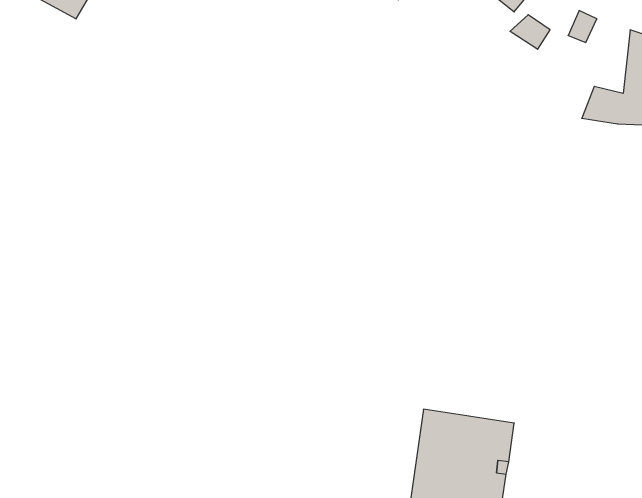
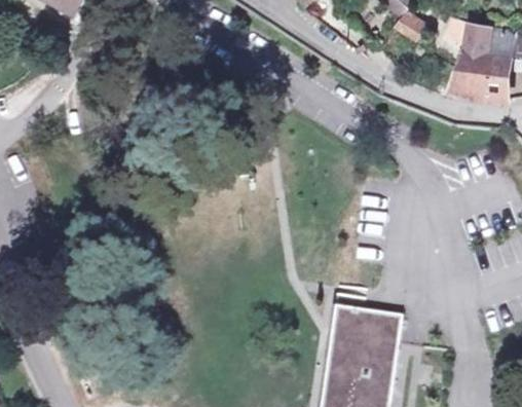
building: none -> [460,26,487,74]

